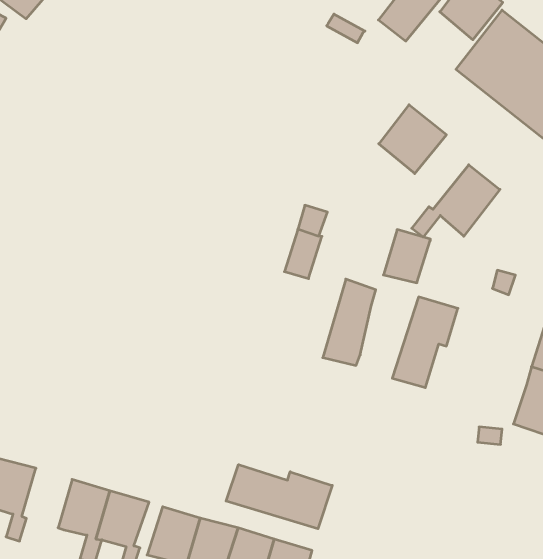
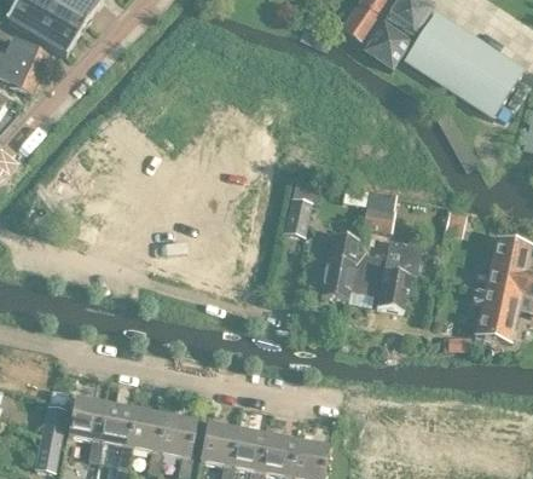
building: [379,105,446,174] -> [363,18,415,71]
building: [412,165,500,237] -> none
building: none -> [350,252,381,295]
building: [226,465,332,529] -> none
building: none -> [99,403,135,467]

